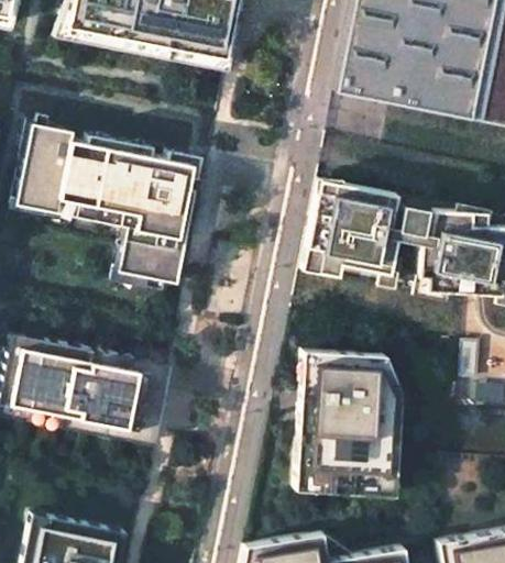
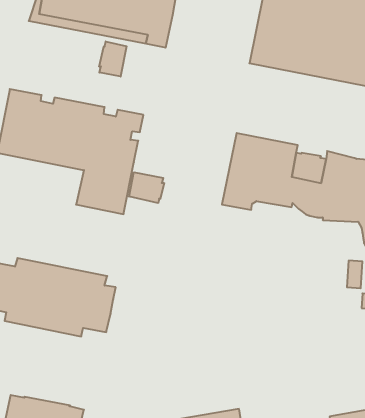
building: none -> [99,41,127,77]
building: none -> [129,172,164,203]
building: [296,350,402,495] -> none

